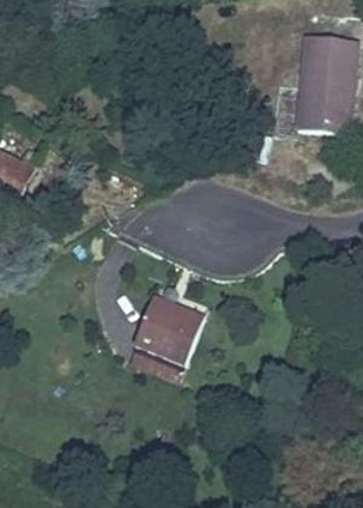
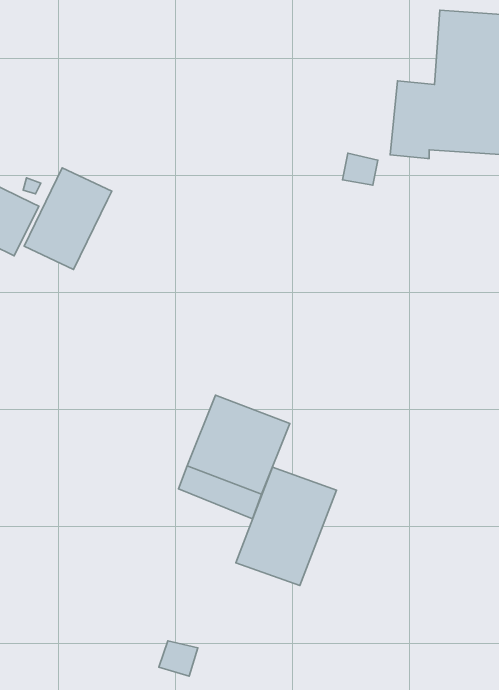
building: none -> [24,168,112,269]
building: none -> [236,467,337,586]

